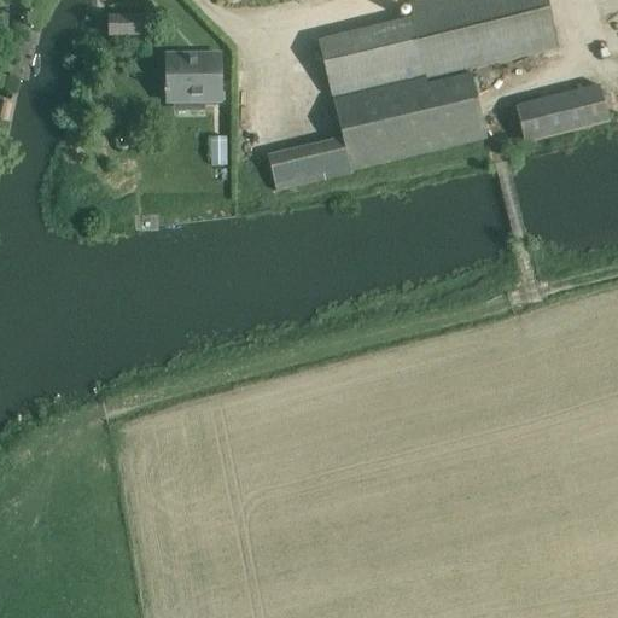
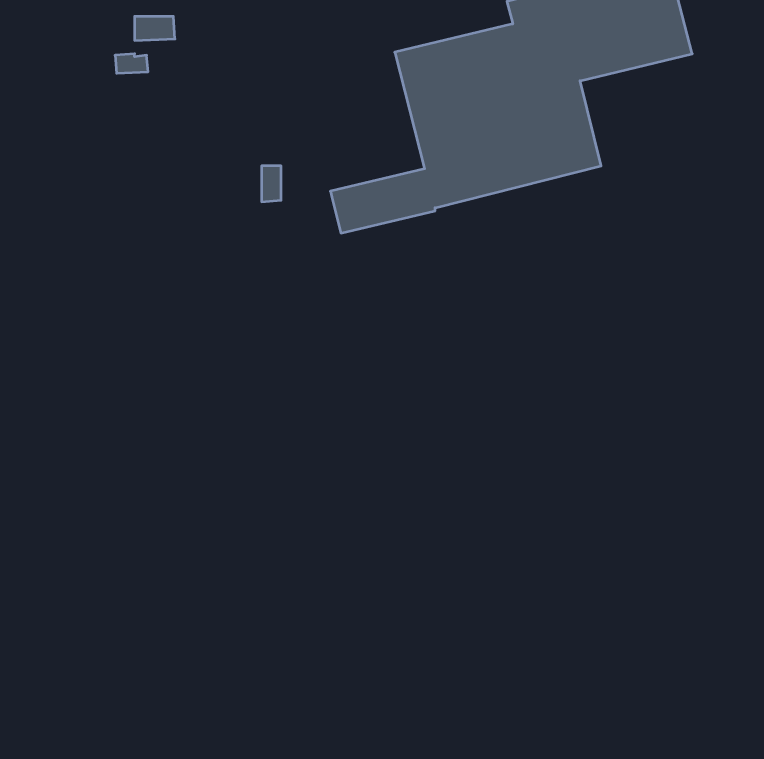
building: [167,52,221,107] -> none
building: [514,82,608,141] -> none

